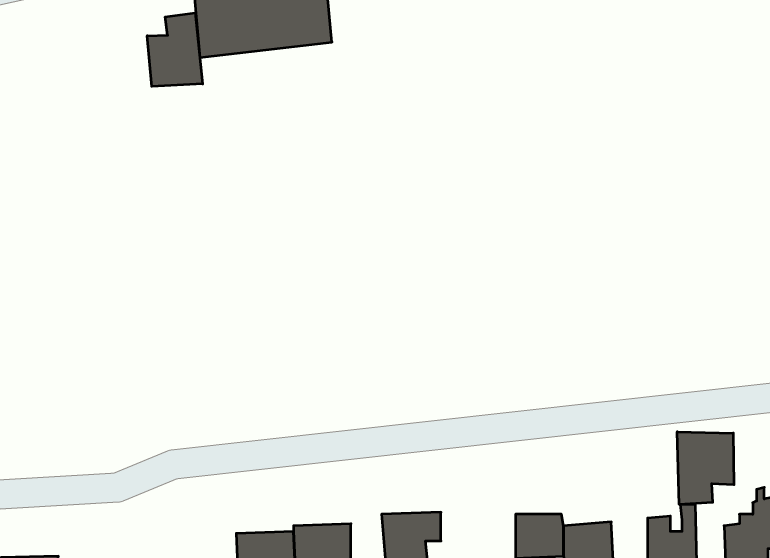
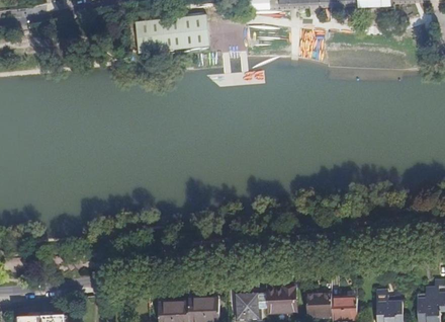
building: [147,13,203,86] -> none
building: [677,432,734,504] -> none
building: none -> [266,287,295,311]

